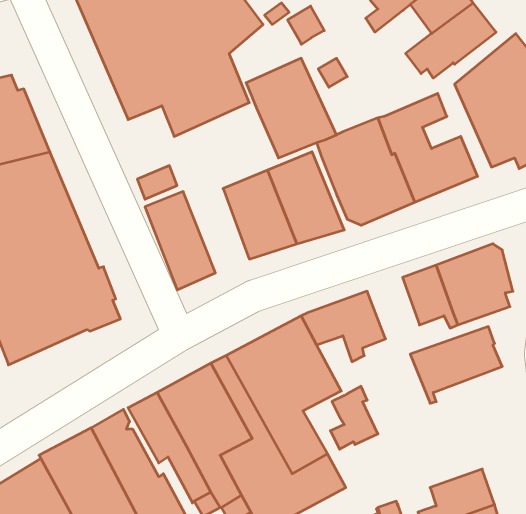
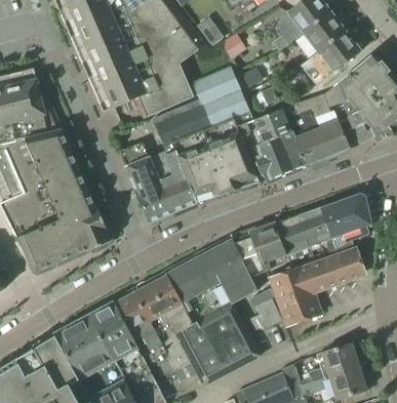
building: none -> [151,100,214,210]
building: none -> [274,213,310,259]
building: none -> [270,265,321,324]

